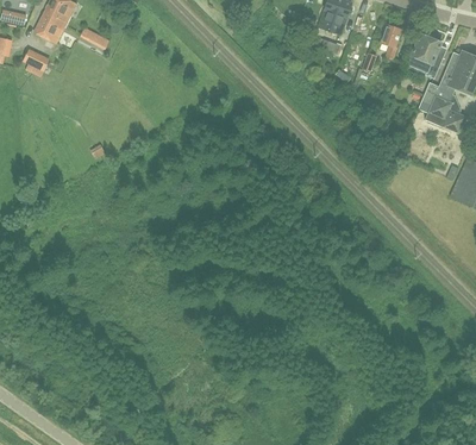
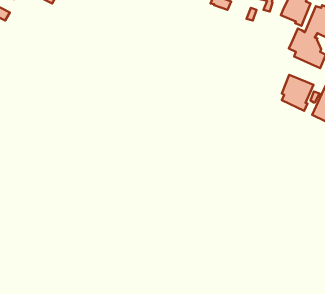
building: none -> [282,75,313,111]

